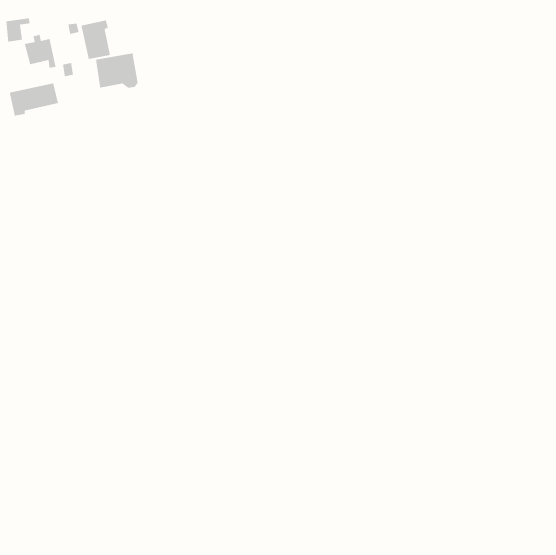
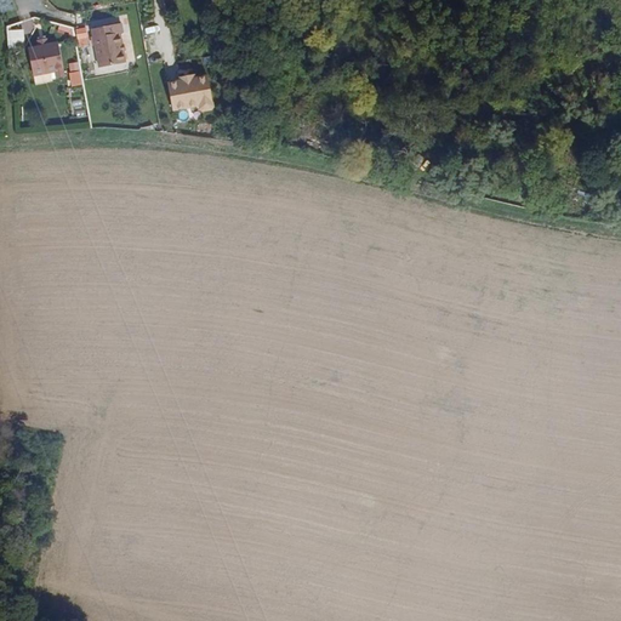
building: [95,53,139,89] -> [167,70,216,110]
building: [9,83,59,117] -> none

